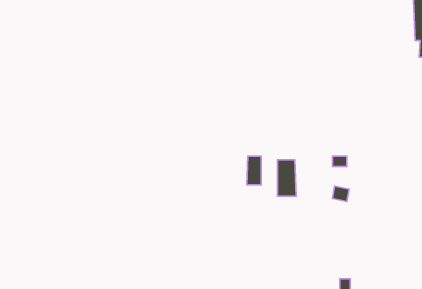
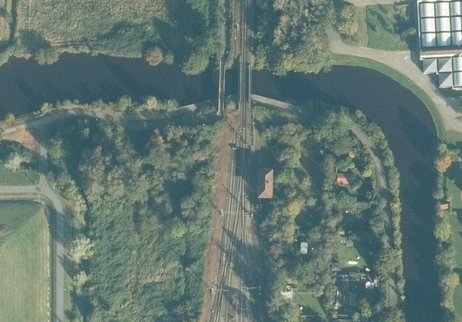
building: [277,160,296,196] -> none

